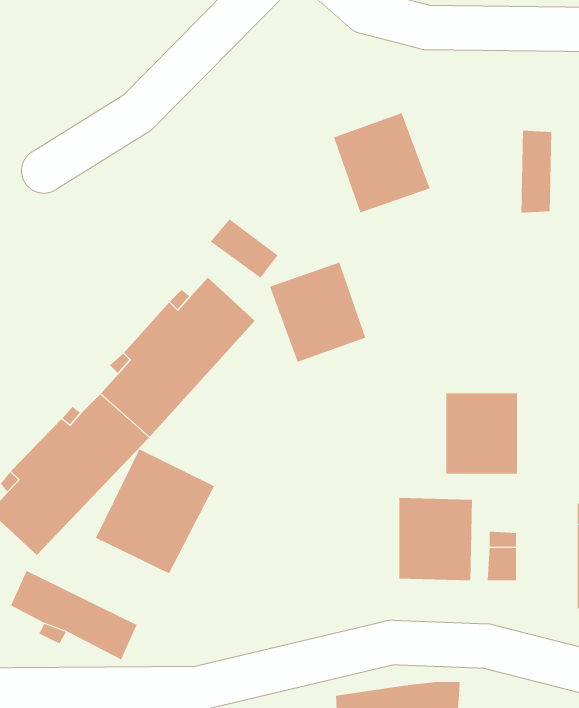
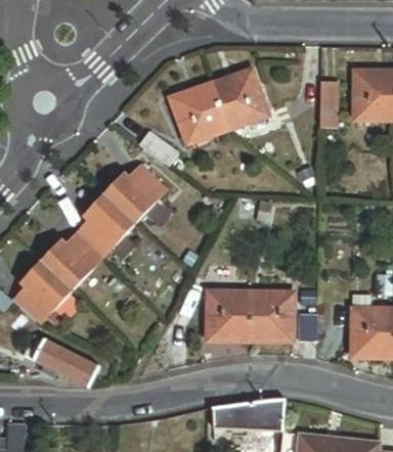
building: [269,262,366,362] -> [170,83,226,141]
building: [445,393,518,474] -> [207,291,249,338]
building: [95,449,215,574] -> none

